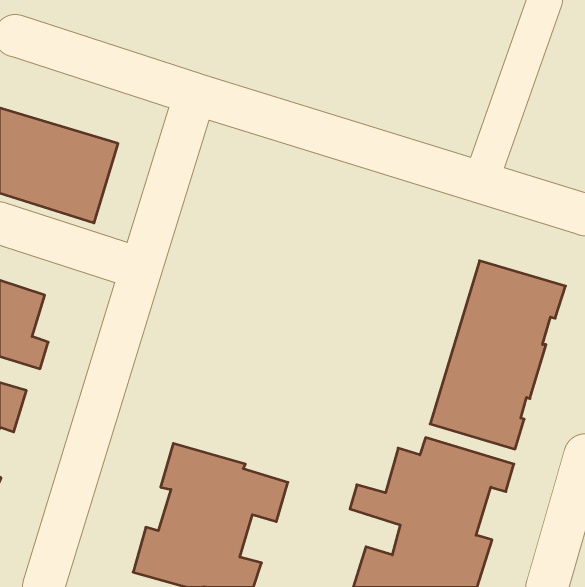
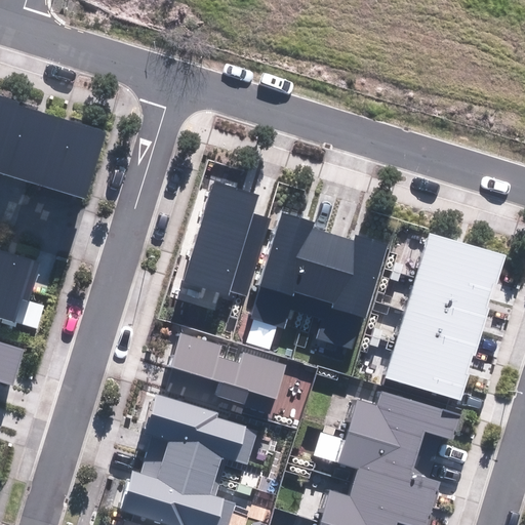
building: none -> [183,179,271,297]
building: none -> [251,214,385,349]
building: none -> [169,334,286,405]

